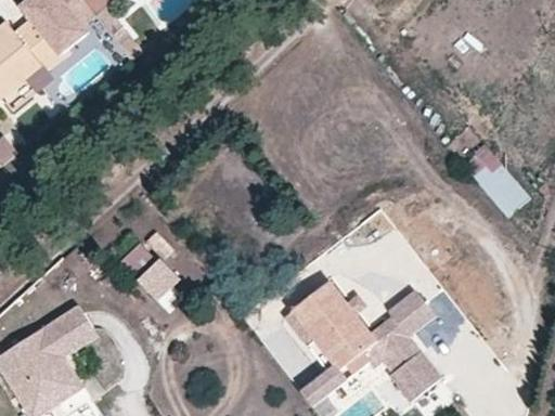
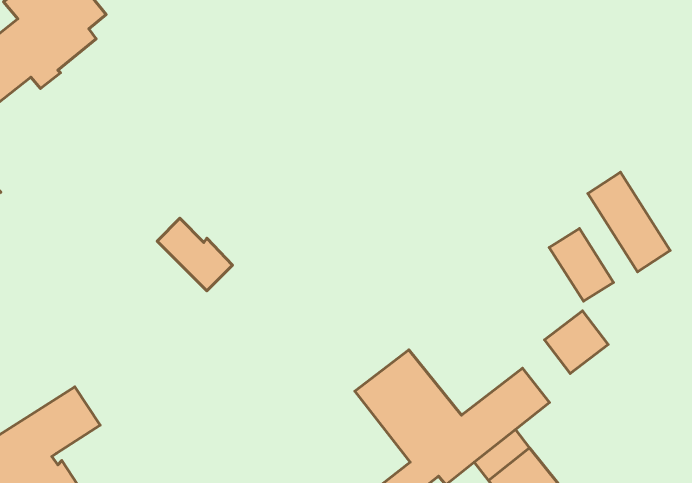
building: none -> [549,229,614,301]
building: [120,239,178,295] -> [157,218,232,291]
building: none -> [544,311,608,374]

